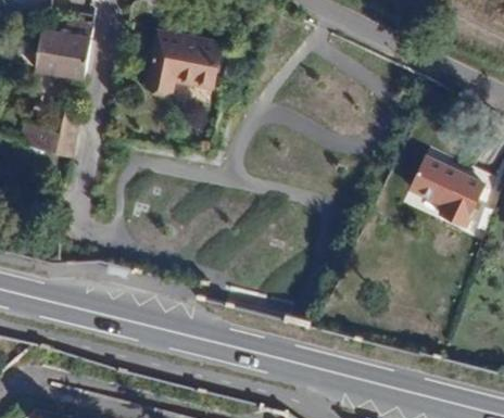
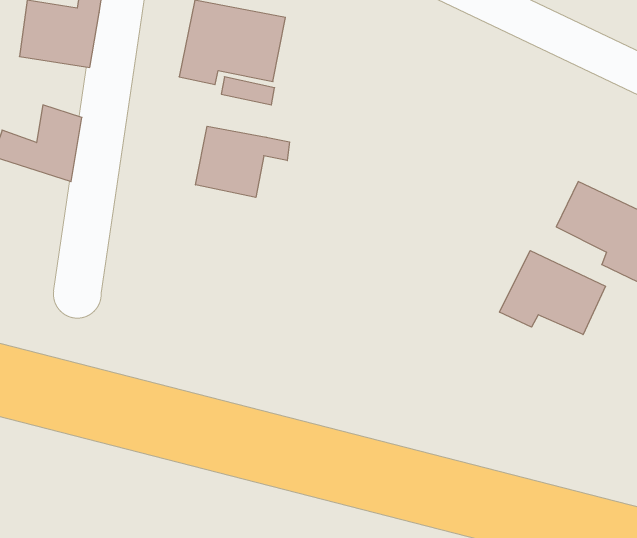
building: none -> [196,126,289,197]
building: none -> [500,251,606,335]

